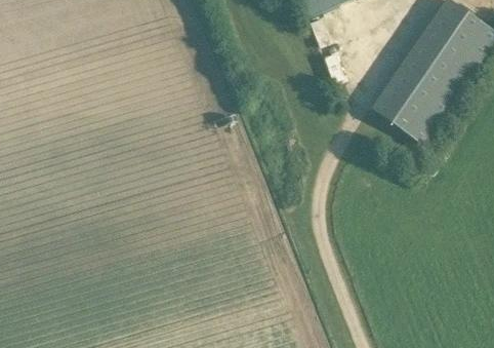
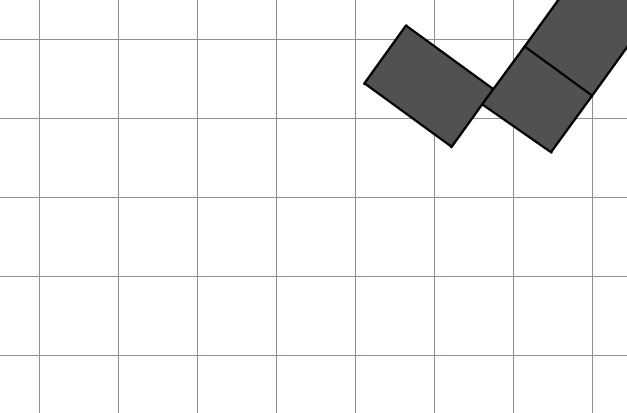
building: none -> [364,26,493,147]

